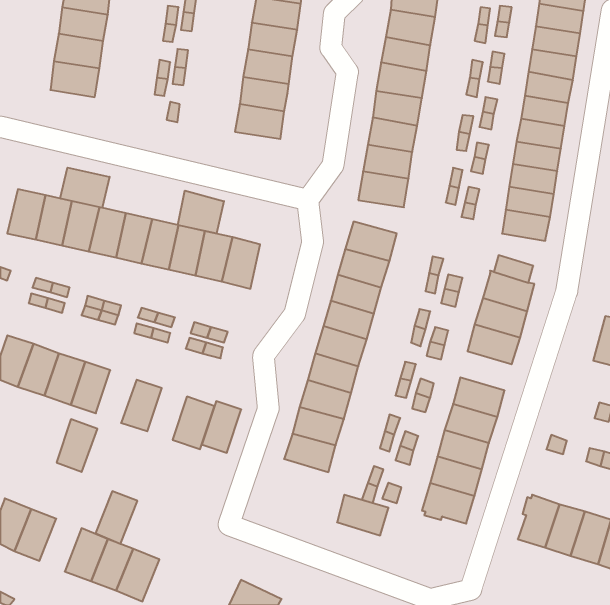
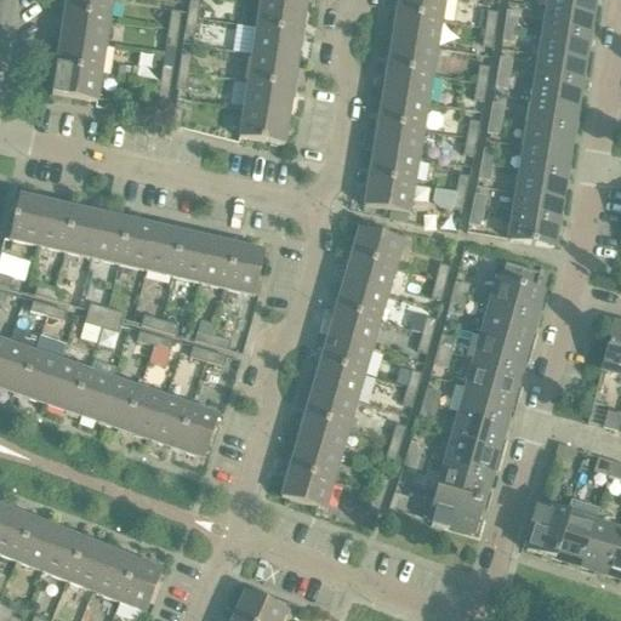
building: [60,168,110,208] -> none
building: [178,191,224,233] -> none
building: none -> [468,355,520,395]
building: [202,401,241,453] -> [152,393,192,445]
building: [57,419,97,472] -> [99,375,141,428]
building: [95,491,137,544] -> [42,525,85,579]
building: [337,495,389,535] -> [283,465,335,506]

